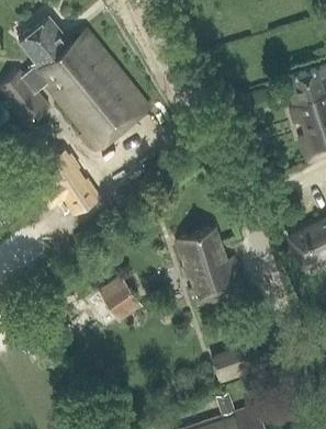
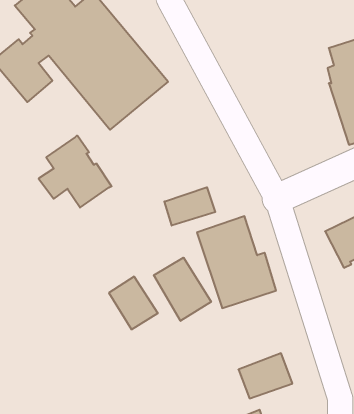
building: none -> [164,187,215,226]
building: none -> [154,258,211,321]

